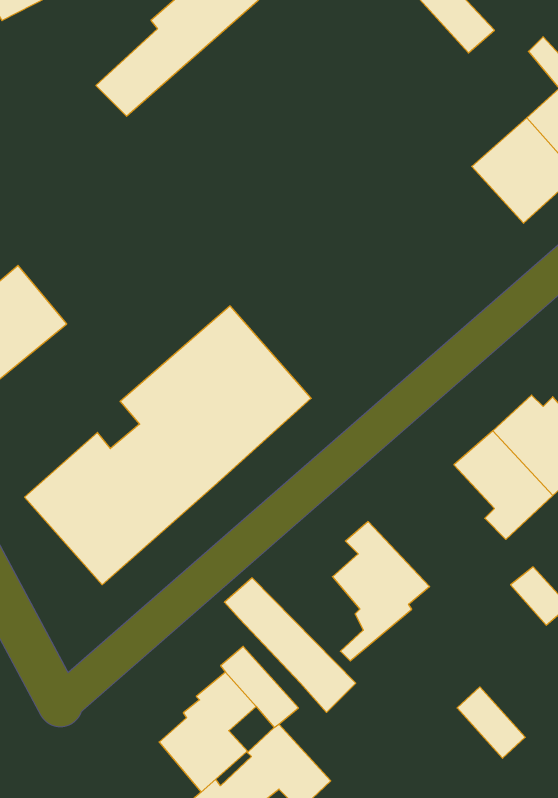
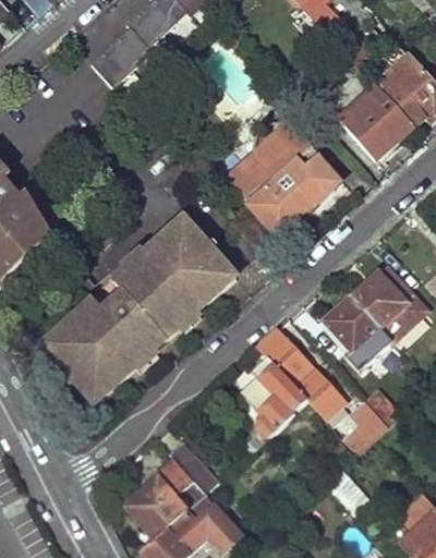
building: none -> [222,118,331,234]
building: [224,578,356,712] -> [258,330,347,421]
building: none -> [347,400,388,454]

